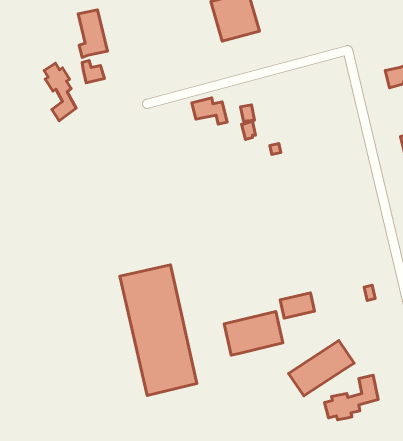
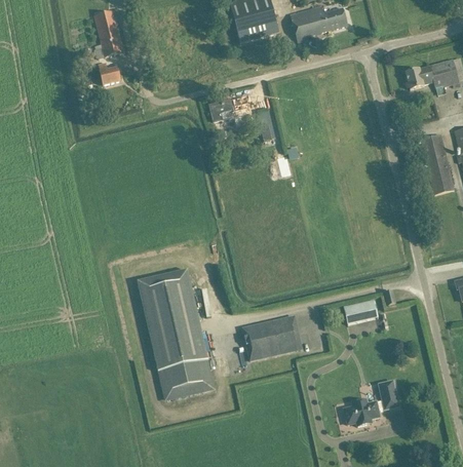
building: none -> [291,6,348,42]
building: [44,63,76,121] -> none
building: [280,293,315,318] -> [343,299,378,324]
building: [289,341,354,396] -> none

